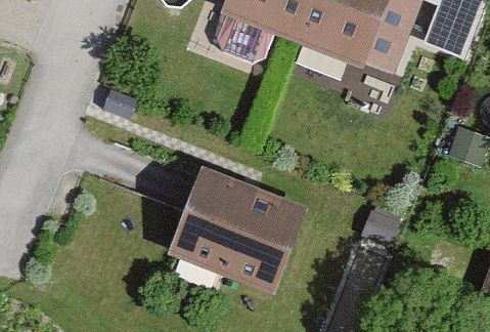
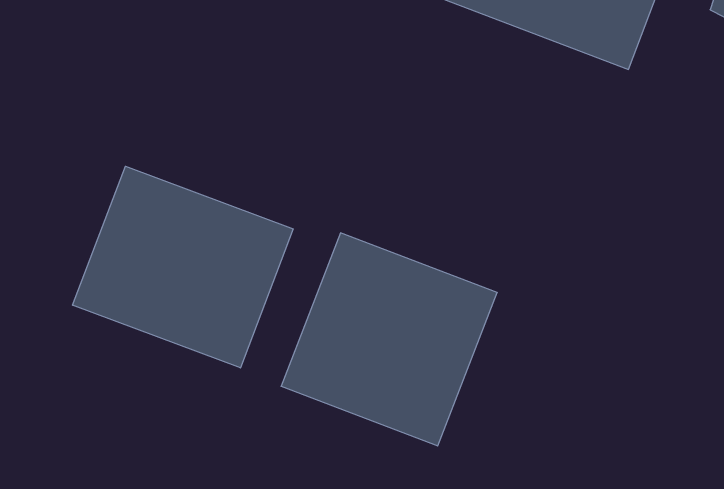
building: none -> [73,166,293,368]

